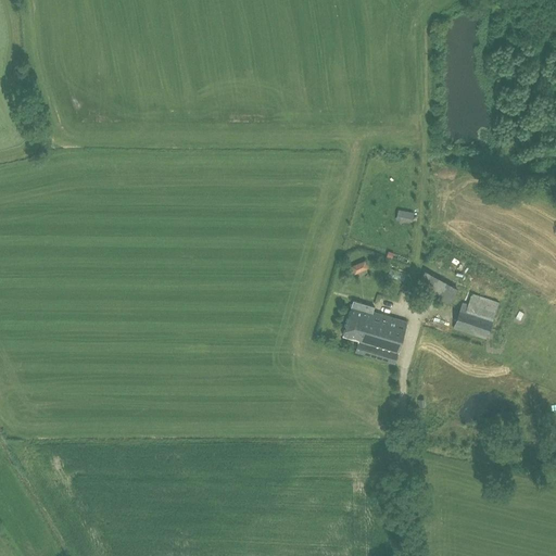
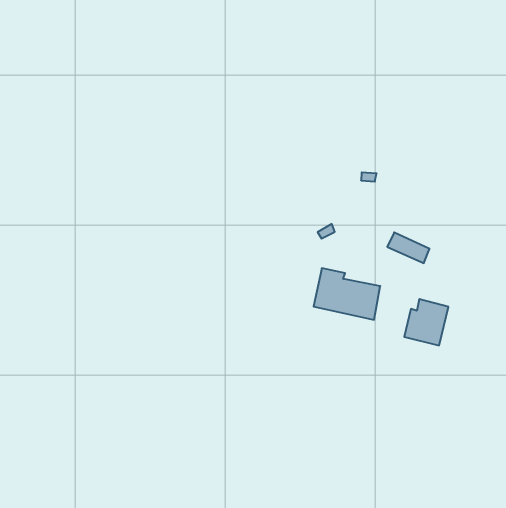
building: [454,294,498,340] -> [404,299,448,345]

